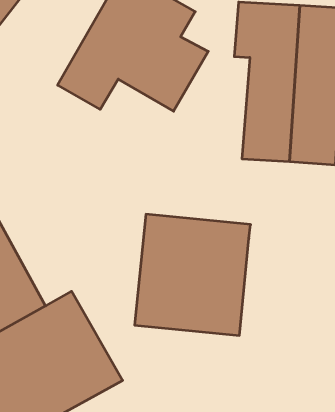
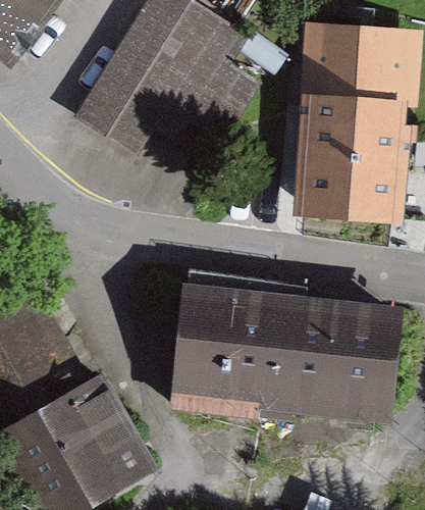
building: none -> [294,301,399,424]

